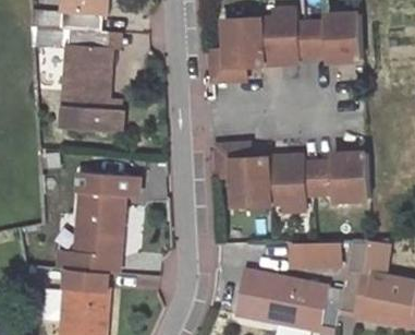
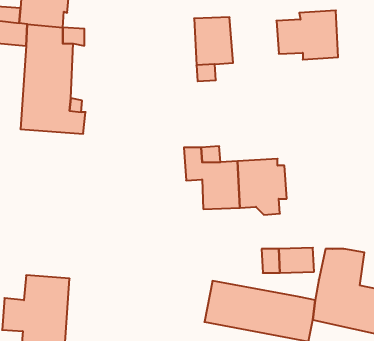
building: [260,11,307,64] -> none
building: [313,154,371,200] -> none
building: [57,172,139,272] -> none

